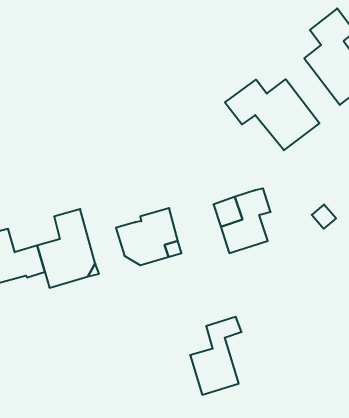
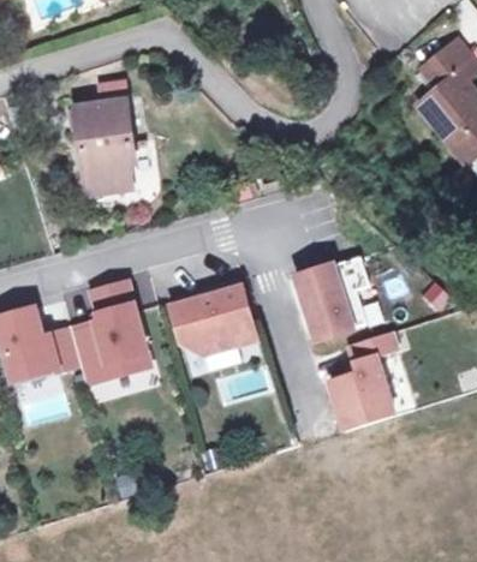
building: none -> [72,96,133,192]
building: [225,79,319,150] -> none
building: [190,317,242,395] -> [329,333,395,432]

